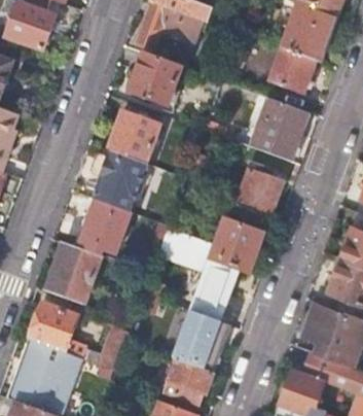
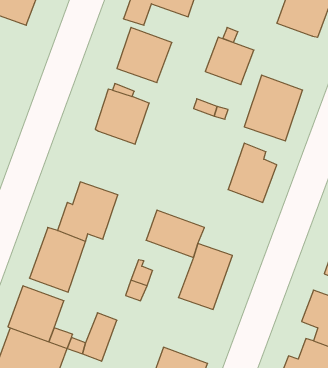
building: [269,49,316,95] -> [205,37,254,85]
building: [93,152,147,213] -> none
building: [207,215,266,275] -> none
building: [172,311,232,374] -> none

